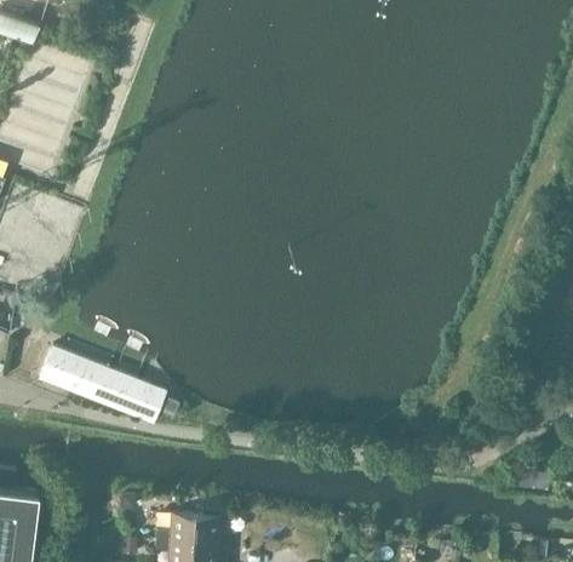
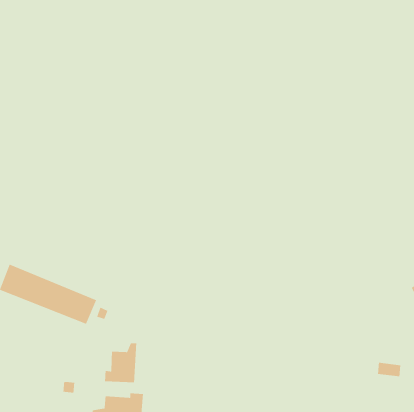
building: none -> [104,343,137,383]

